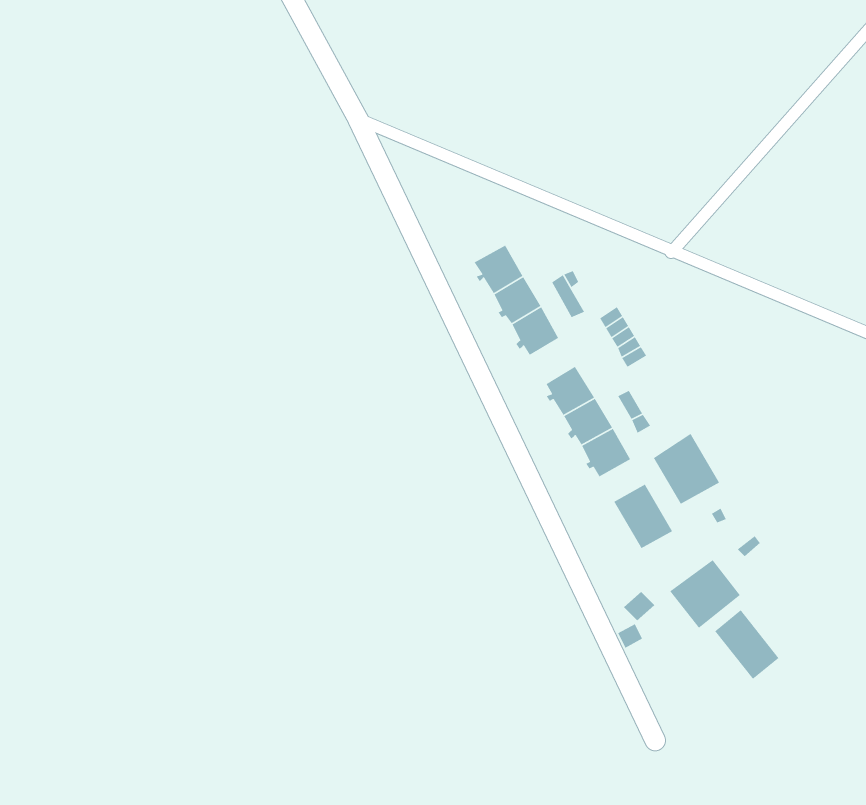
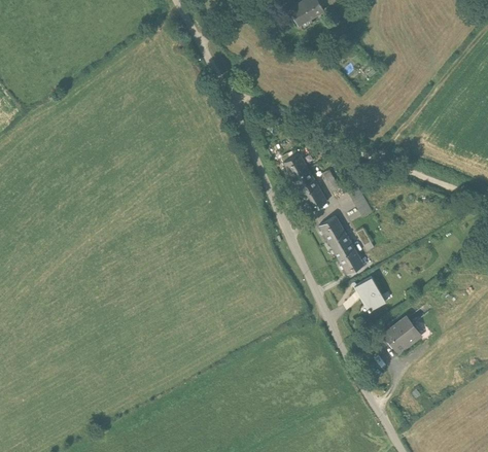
building: [653,433,720,505] -> none
building: [714,609,779,680] -> none

